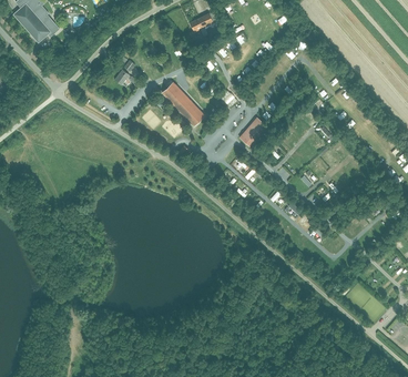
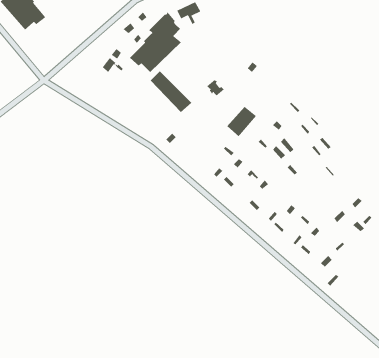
building: none -> [129,12,182,73]

